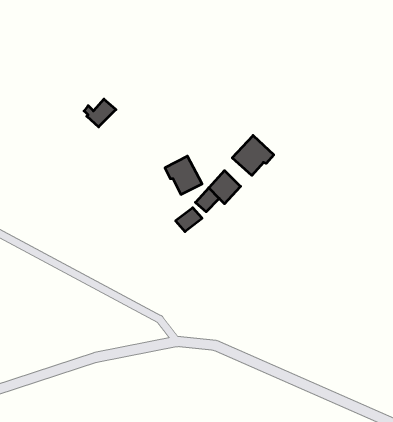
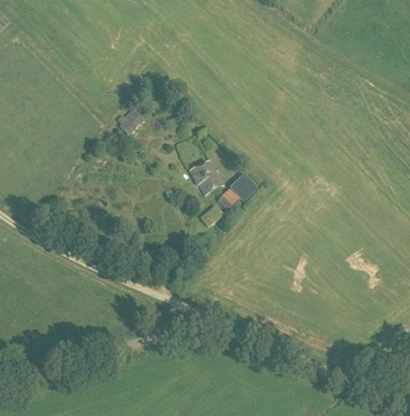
building: [232,135,274,175] -> none

